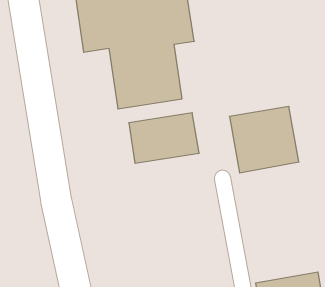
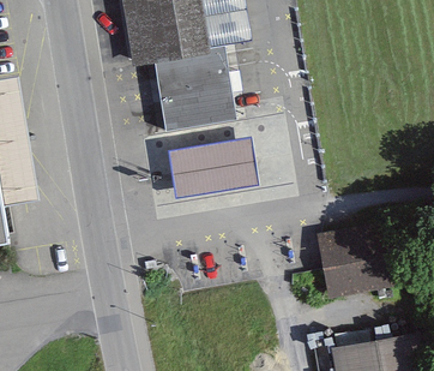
building: [229,106,299,173] -> [314,221,397,300]

